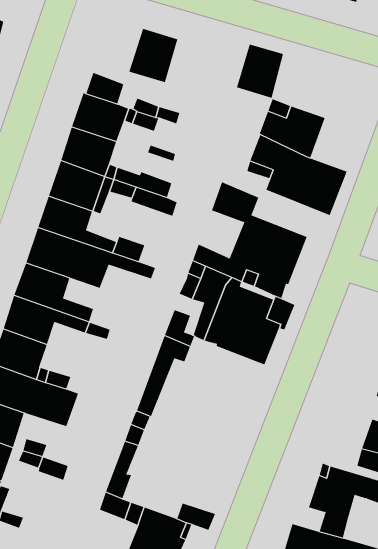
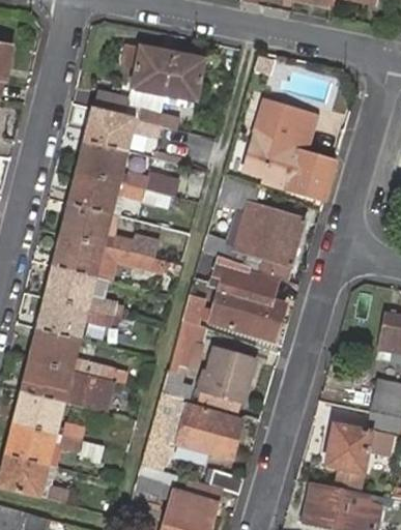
building: [236,44,284,99] -> [165,52,205,99]
building: none -> [194,348,255,413]
building: none -> [176,405,244,460]

